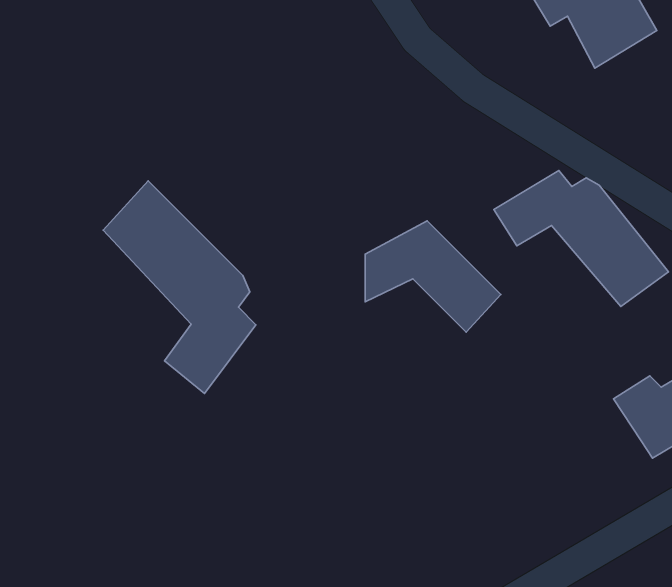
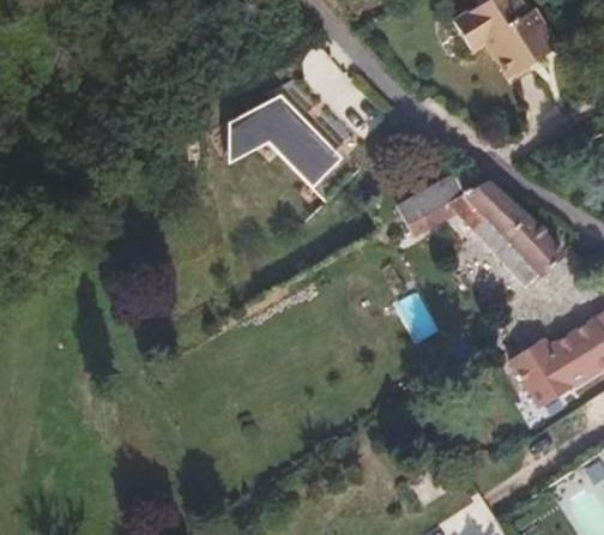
building: [103,181,256,394] -> none
building: [365,221,501,332] -> [226,96,339,188]

